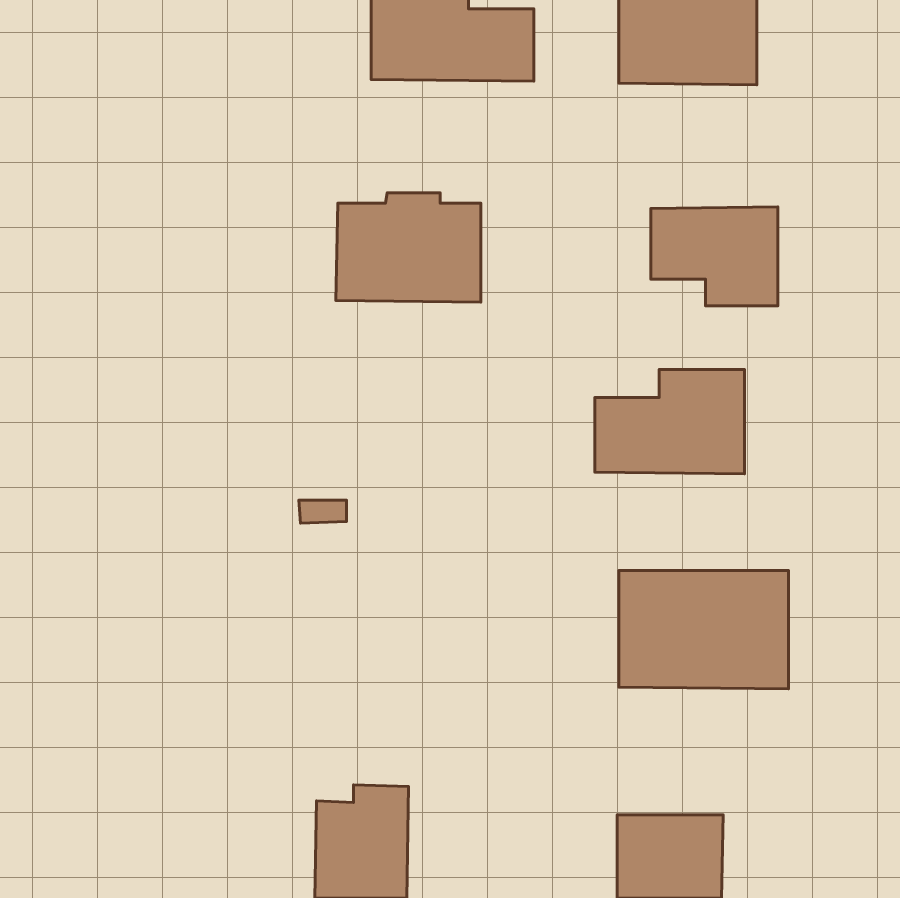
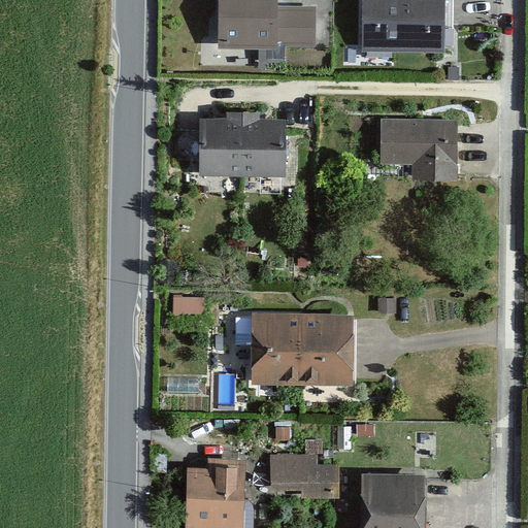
building: [595,370,744,474] -> none
building: [619,571,789,689] -> [253,315,352,384]
building: none -> [271,457,338,499]

